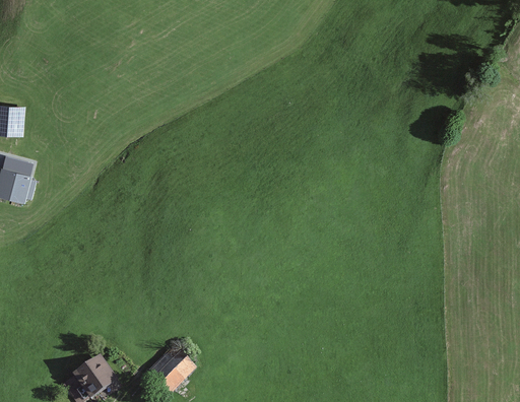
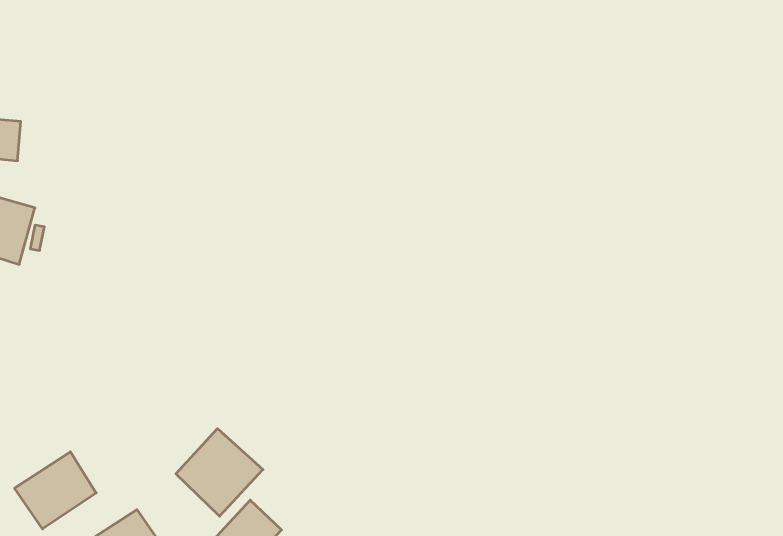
building: none -> [176,429,263,516]
building: none -> [15,452,96,529]

